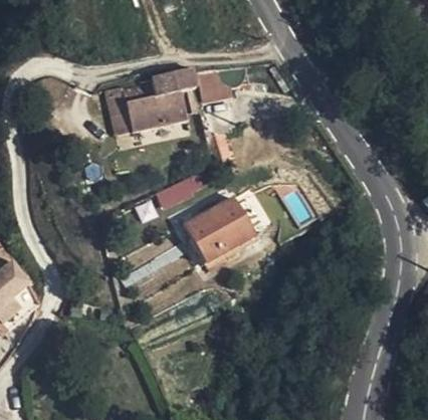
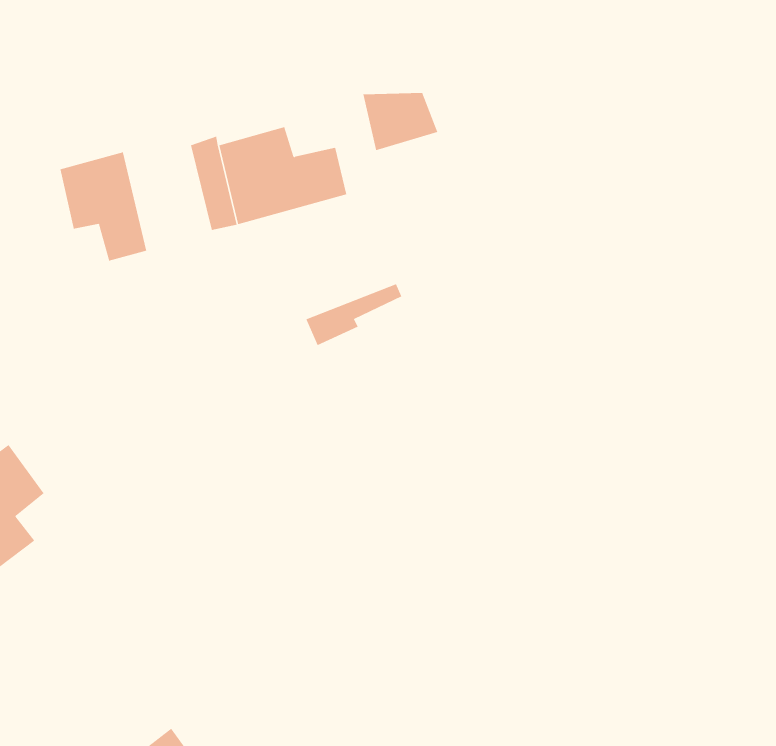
building: [155,72,198,106] -> none
building: none -> [60,151,147,262]
building: [180,189,251,255] -> none

